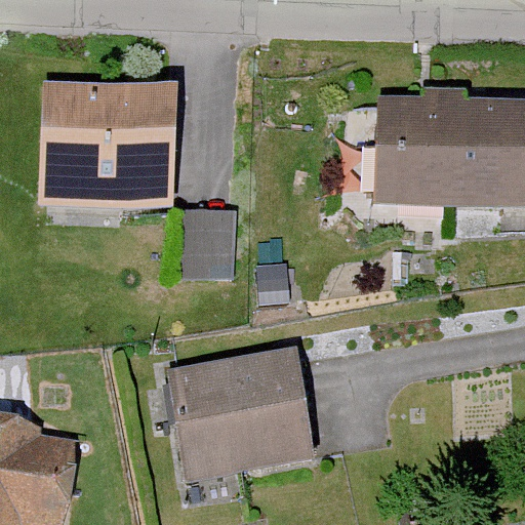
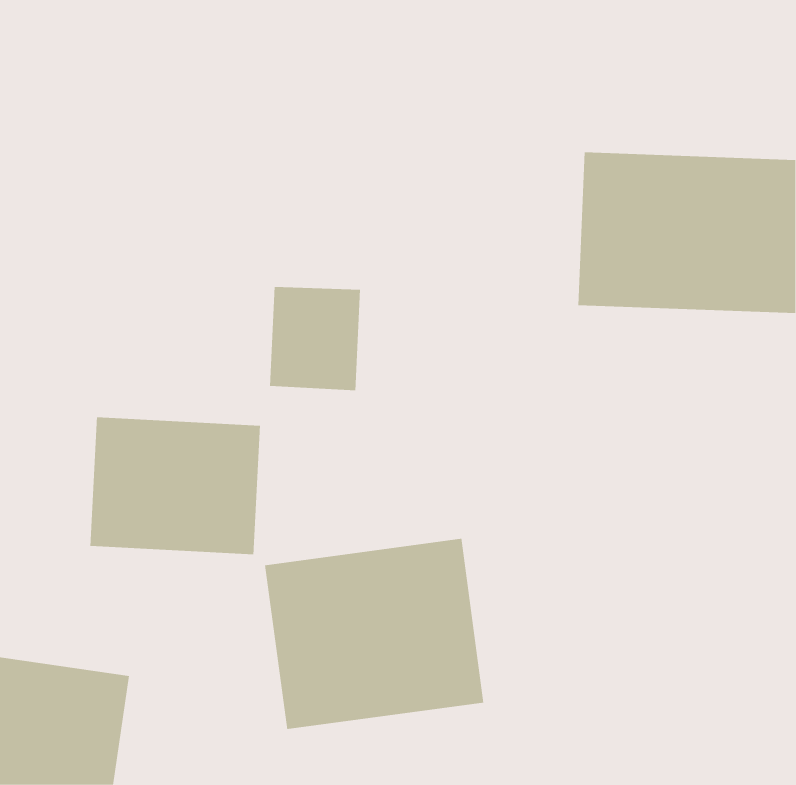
building: [33,82,177,206] -> none
building: none -> [90,417,261,555]

